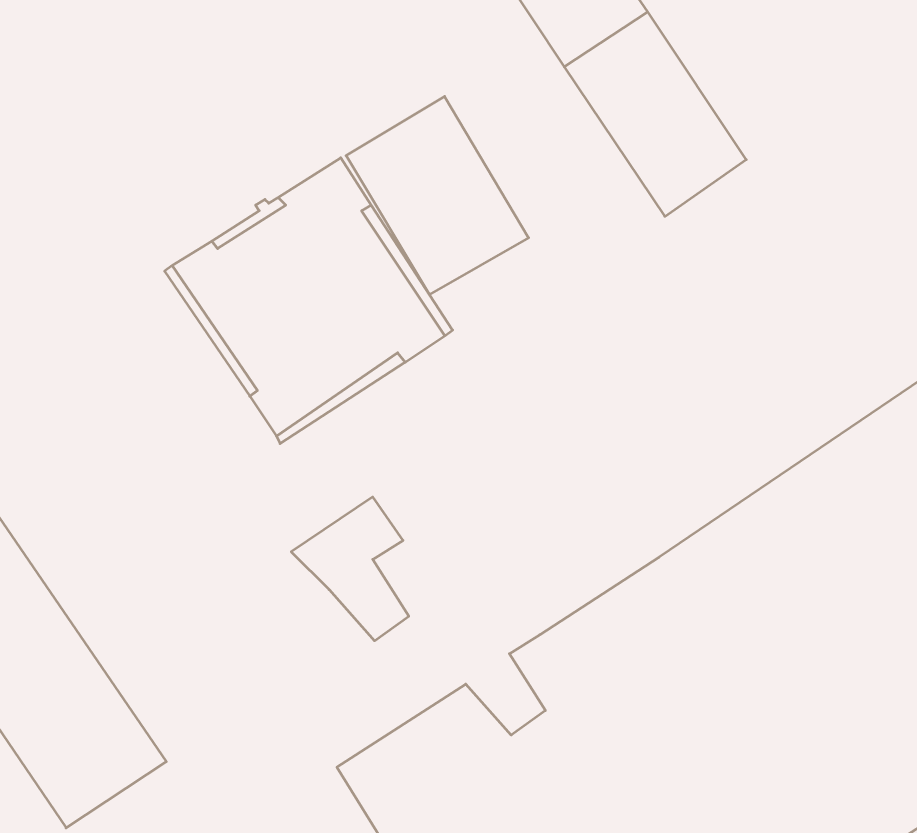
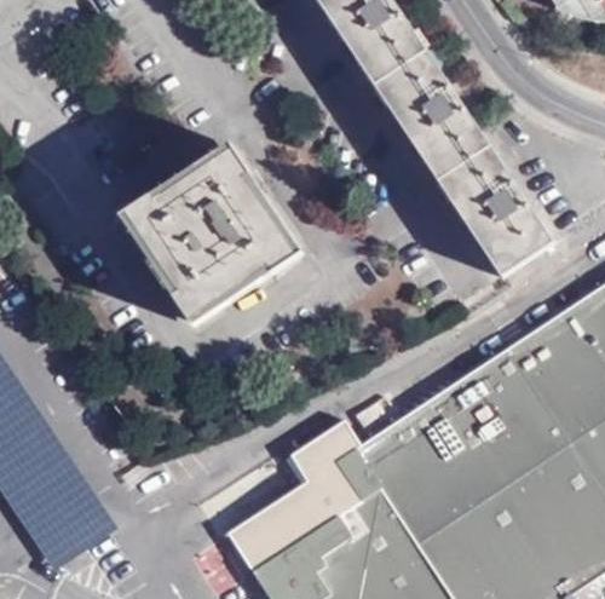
building: [346,96,529,295] -> none
building: none -> [437,145,553,277]
building: [291,497,409,641] -> [286,421,361,513]

